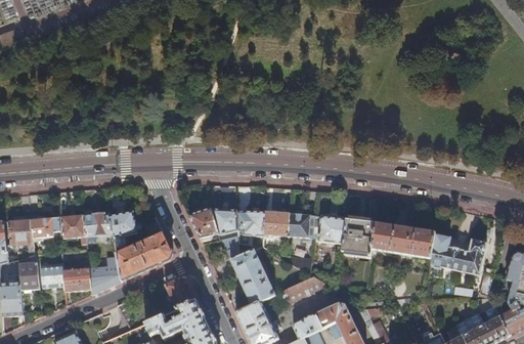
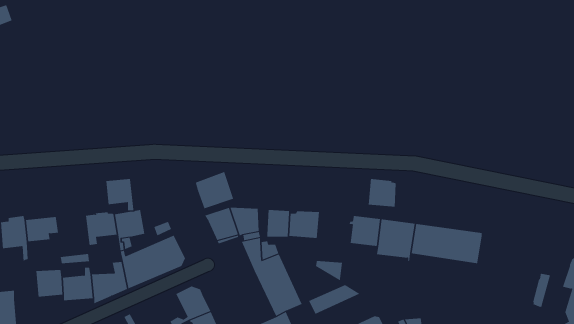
building: none -> [195,171,234,209]
building: [289,212,314,238] -> [368,178,397,207]
building: [60,214,86,243] -> [105,178,134,211]
building: [430,233,486,273] -> none
building: [18,262,38,290] -> none

